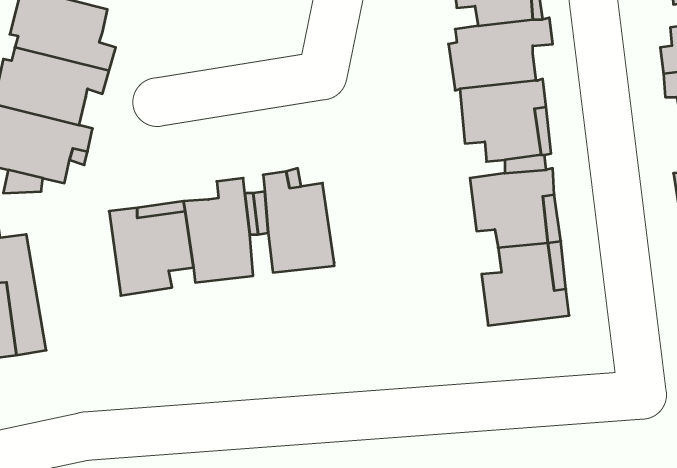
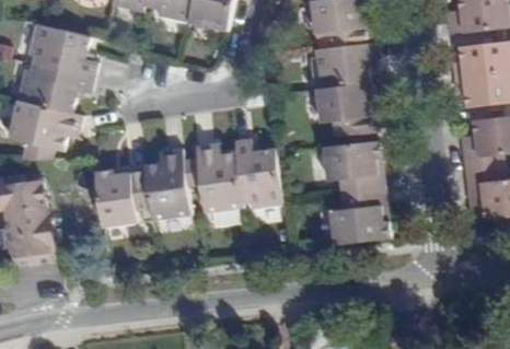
building: none -> [230,138,279,208]

